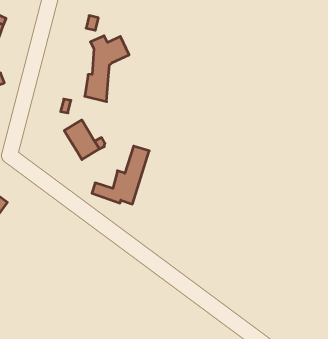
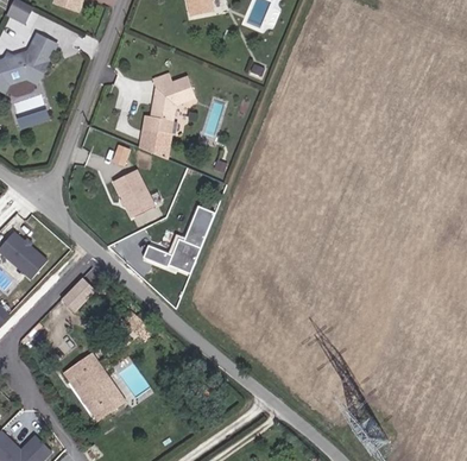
building: none -> [58,277,93,312]
building: none -> [53,353,111,418]

